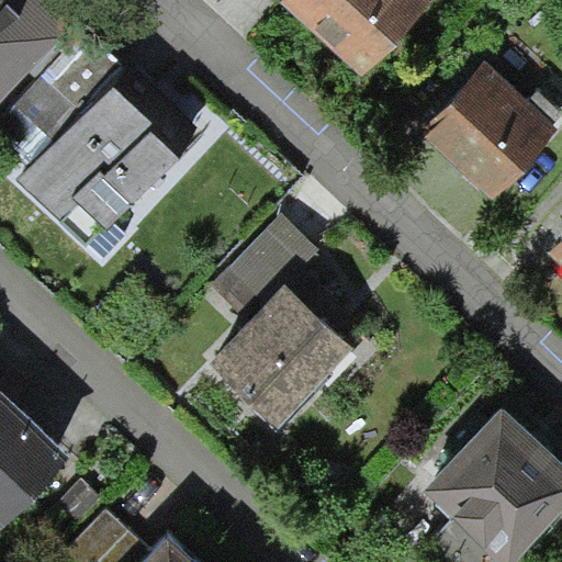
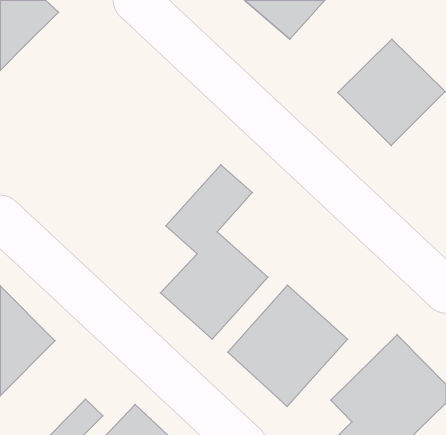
building: [18,42,200,249] -> none
building: none -> [228,285,348,406]

